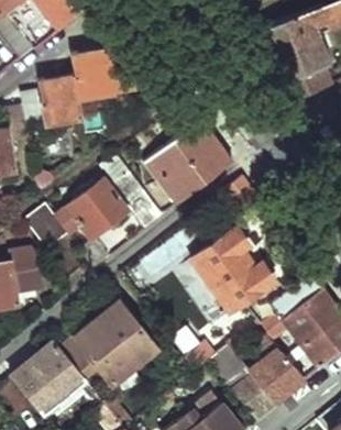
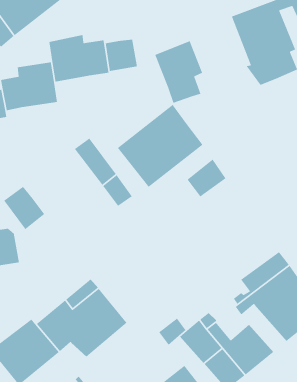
building: none -> [105,39,138,72]
building: none -> [154,40,203,104]
building: [56,183,128,242] -> none
building: [193,228,275,312] -> none

